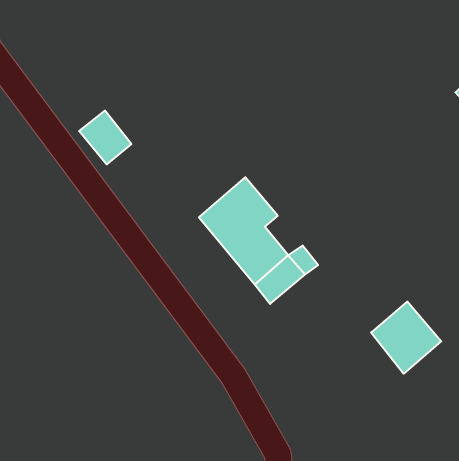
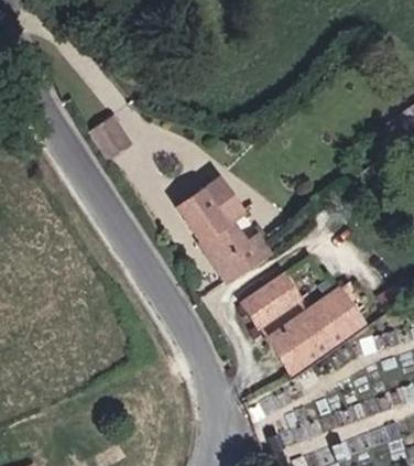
building: none -> [243,273,299,326]
building: none -> [269,311,330,372]

